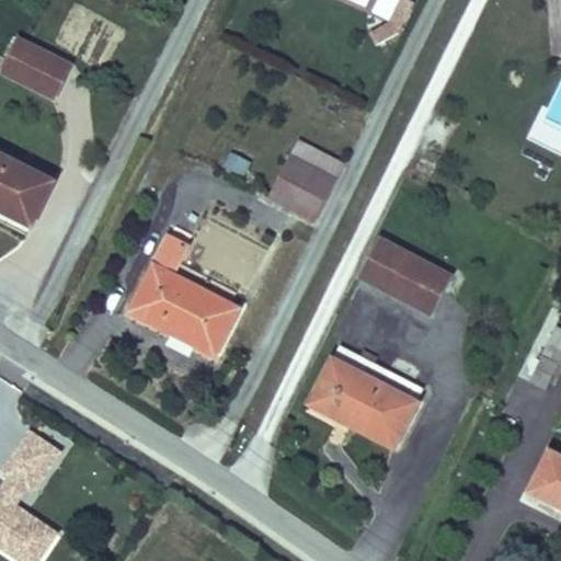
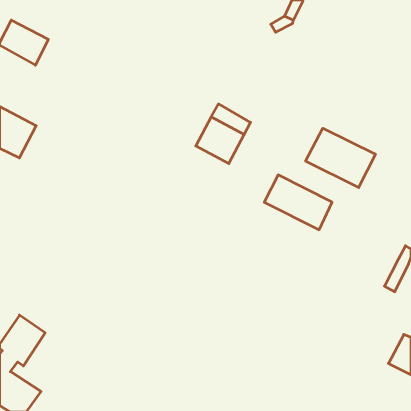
building: none -> [306,128,375,188]
building: [129,241,236,357] -> none
building: [308,348,421,449] -> none

